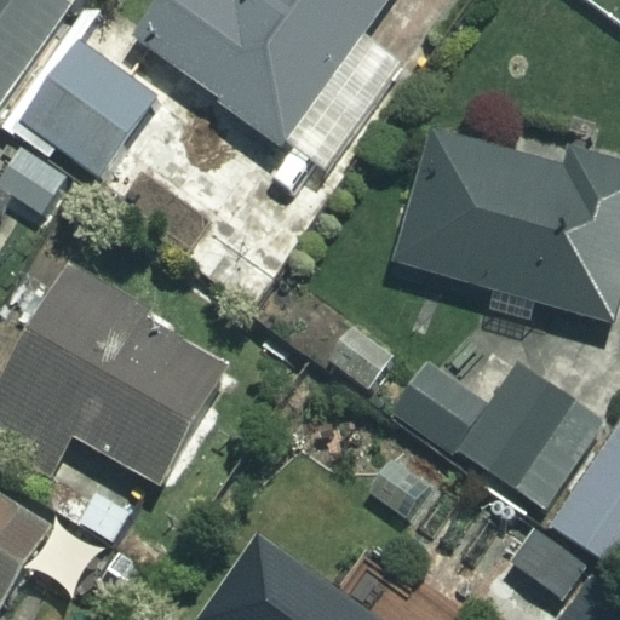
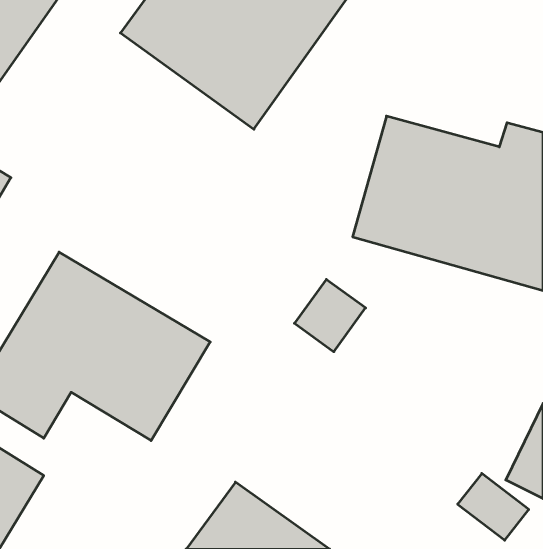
building: [18,40,168,191] -> none
building: [398,356,596,500] -> none

